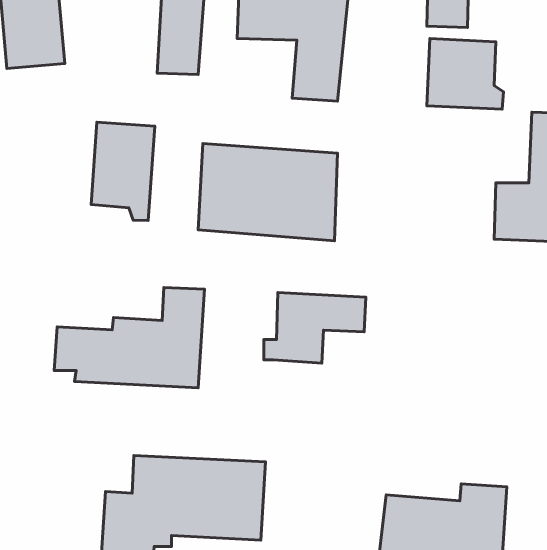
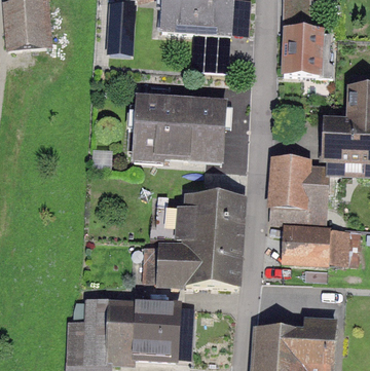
building: [91,122,155,220] -> none
building: none -> [269,158,328,224]
building: [54,288,205,388] -> [143,219,242,285]
building: none -> [284,227,347,263]

